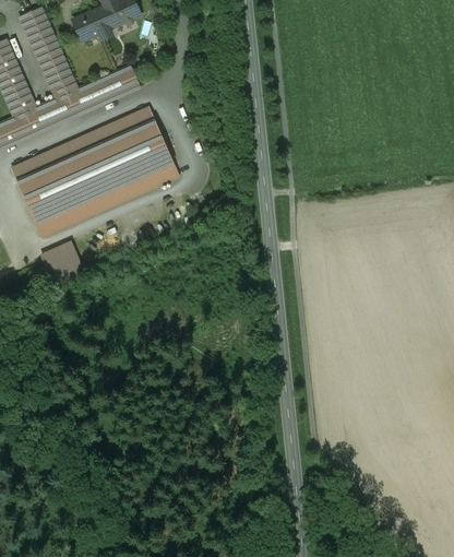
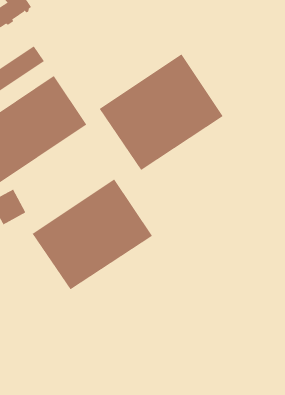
building: none -> [99,53,224,171]
building: none -> [32,179,153,290]

